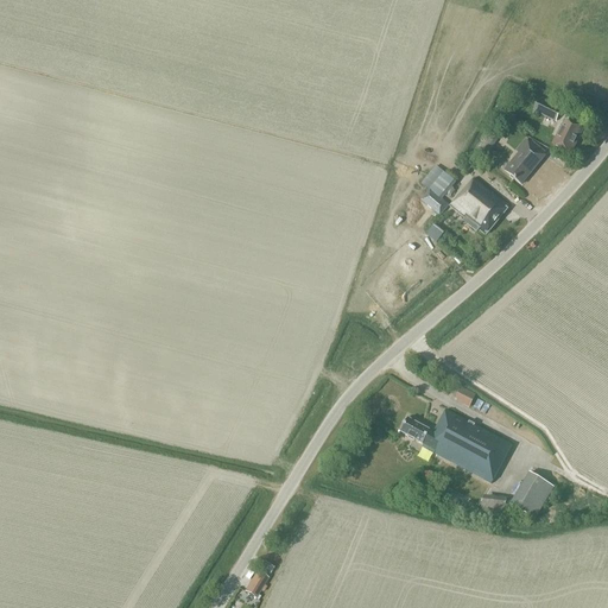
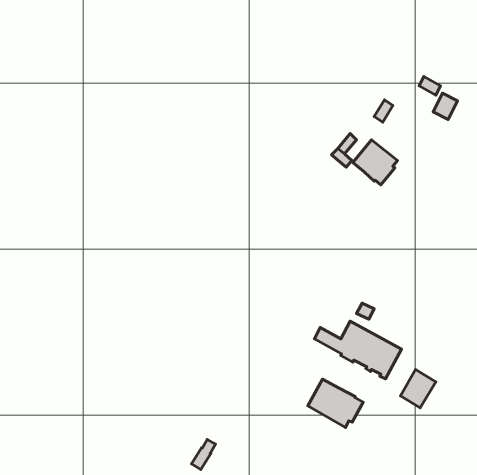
building: [505,139,544,183] -> none
building: none -> [308,379,363,427]

